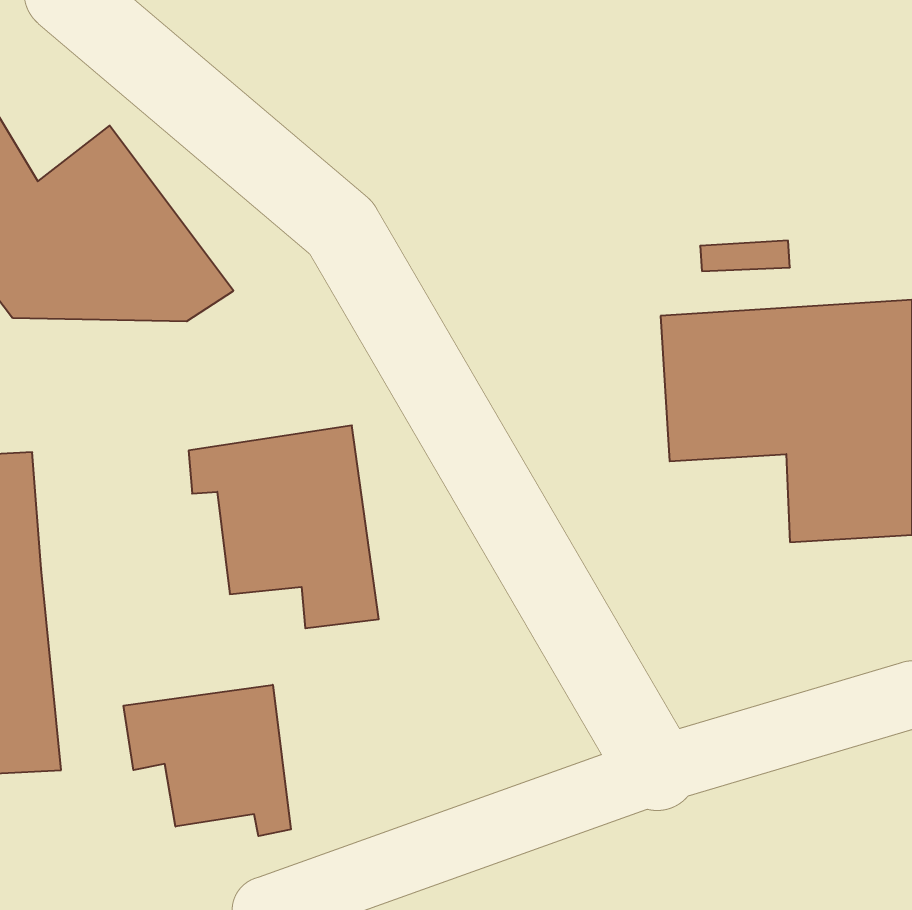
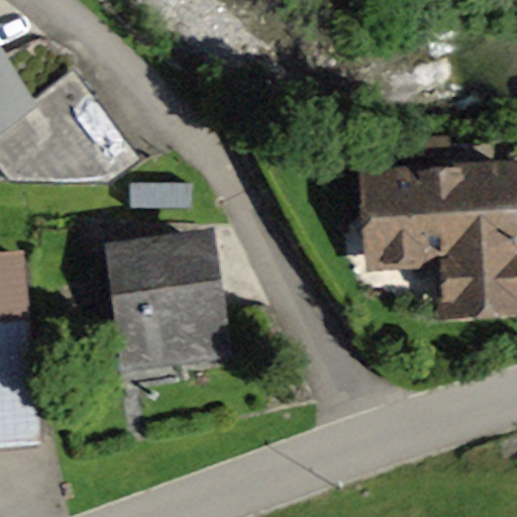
building: [124,685,291,836] -> none

